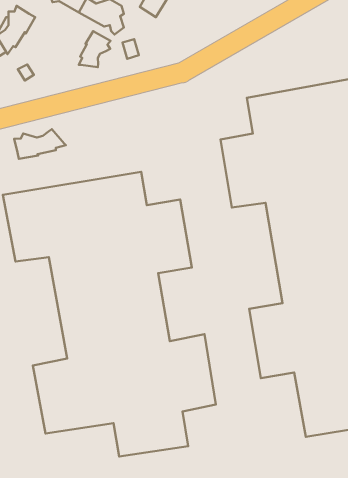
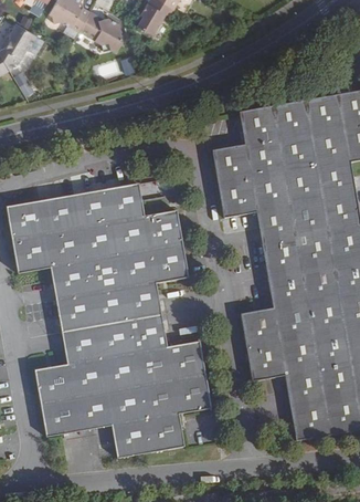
building: [79,31,111,67] -> none
building: [14,129,66,159] -> none

